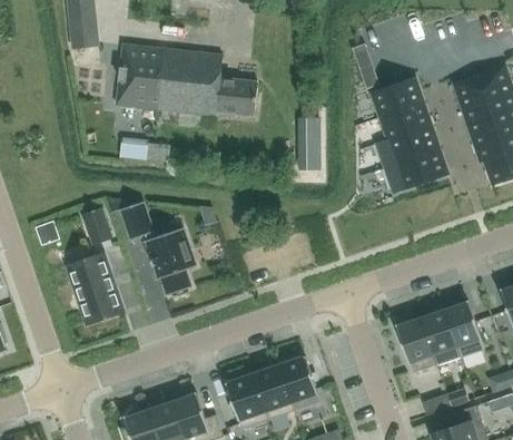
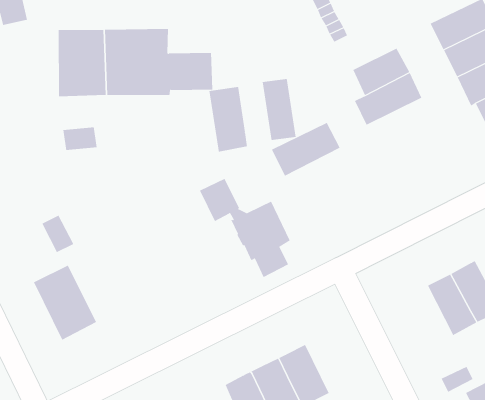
building: [372,79,422,116] -> none
building: none -> [209,86,247,152]
building: [385,149,447,193] -> [271,122,341,177]
building: [120,203,196,296] -> [199,178,291,278]
building: [396,317,437,373] -> none

